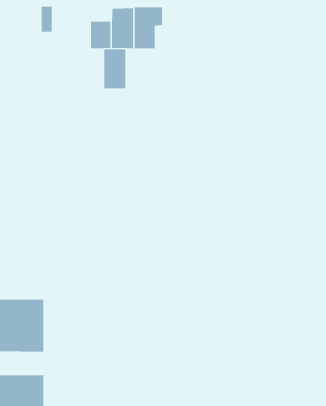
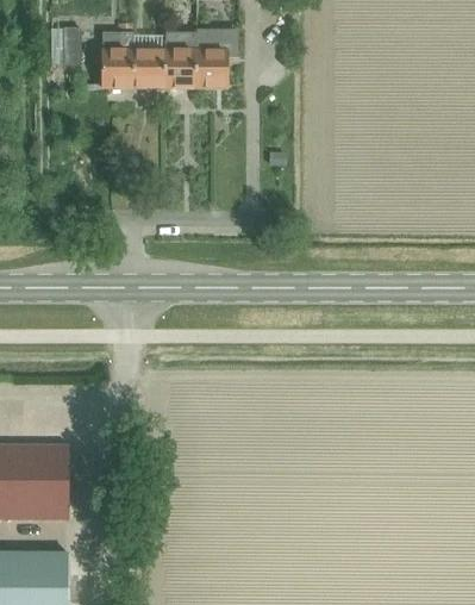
building: [104,49,126,89] -> [101,31,133,88]

